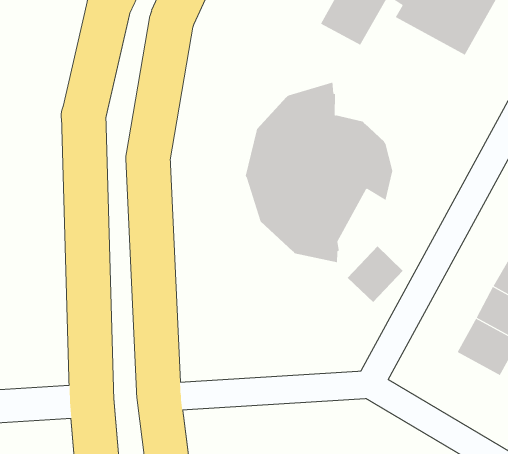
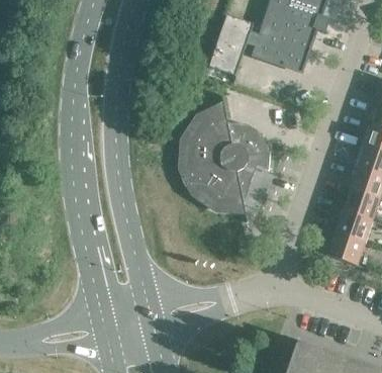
building: [347,246,404,303] -> none

